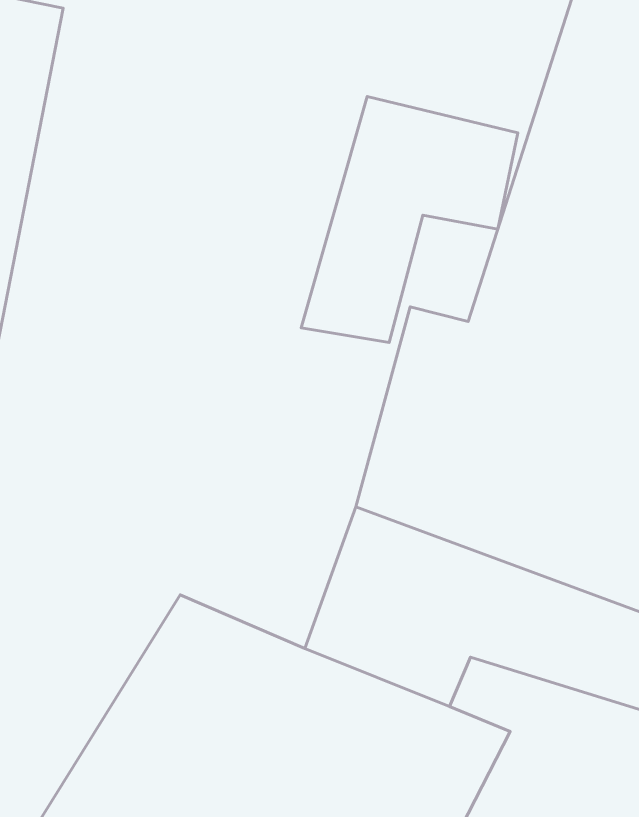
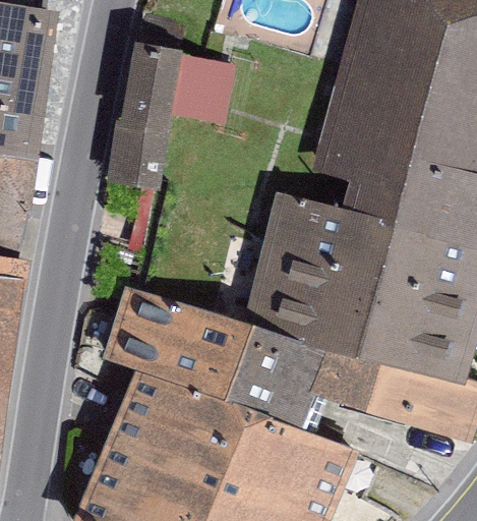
building: [301,96,518,343] -> [106,49,231,197]
building: none -> [92,278,249,404]

